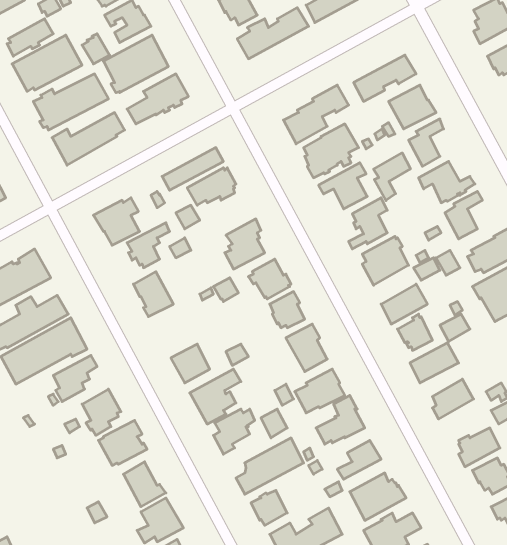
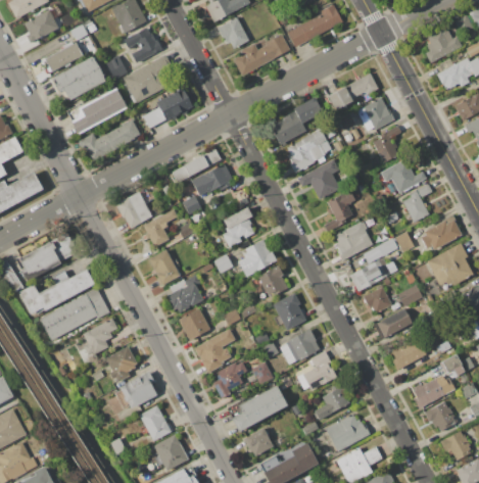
building: [374,153,410,201] -> none
building: none -> [166,274,204,312]

